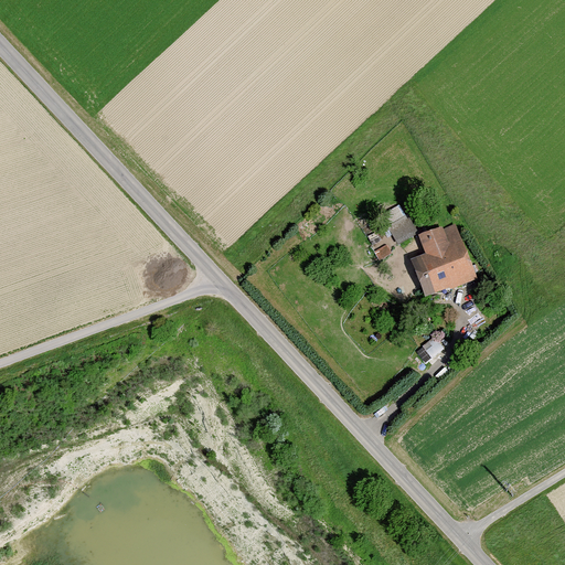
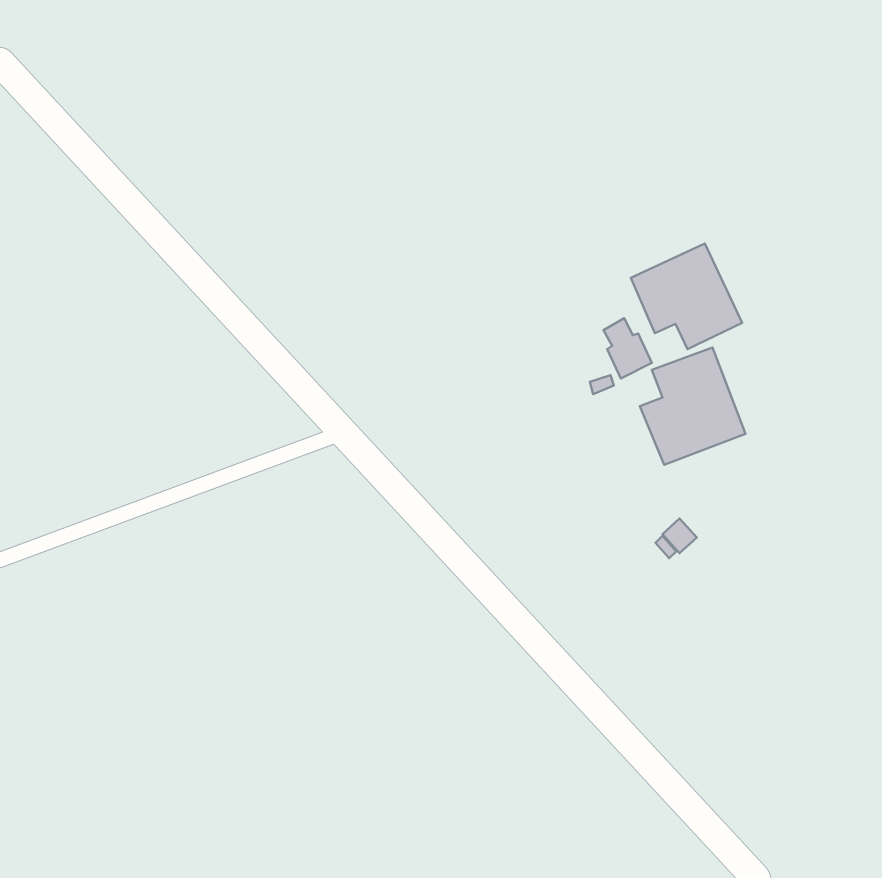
building: none -> [631,243,742,349]

